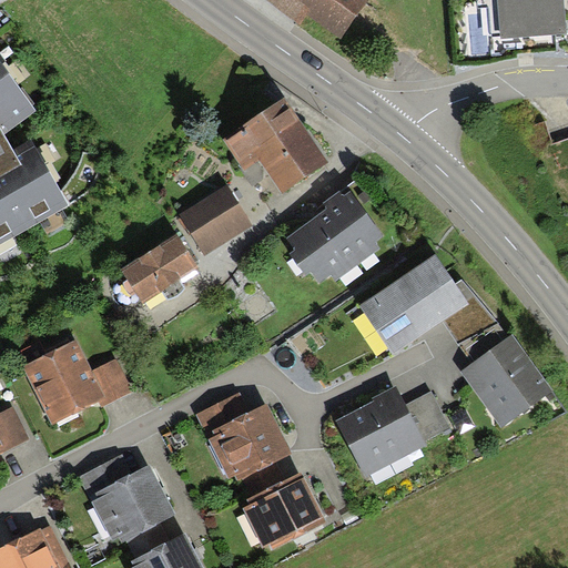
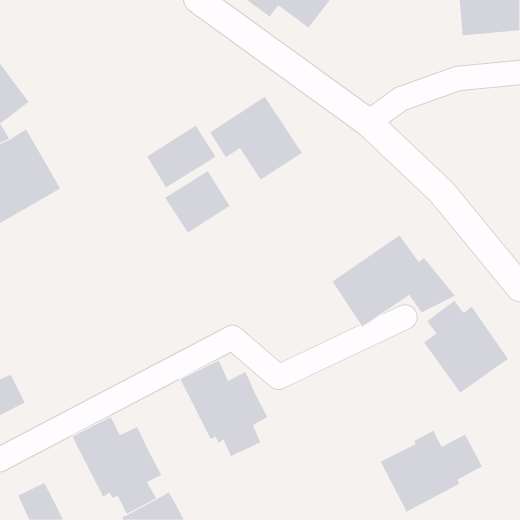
building: [288,192,382,283] -> none
building: [121,234,197,303] -> [146,125,217,188]
building: [21,338,133,425] -> none
building: [336,386,448,476] -> [380,430,483,512]
building: [243,473,326,550] -> none

